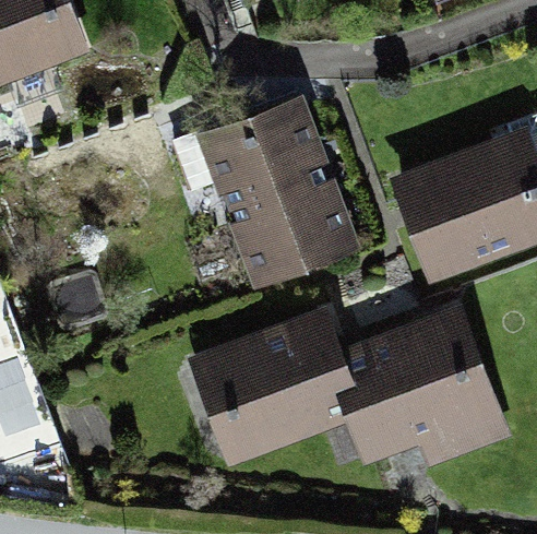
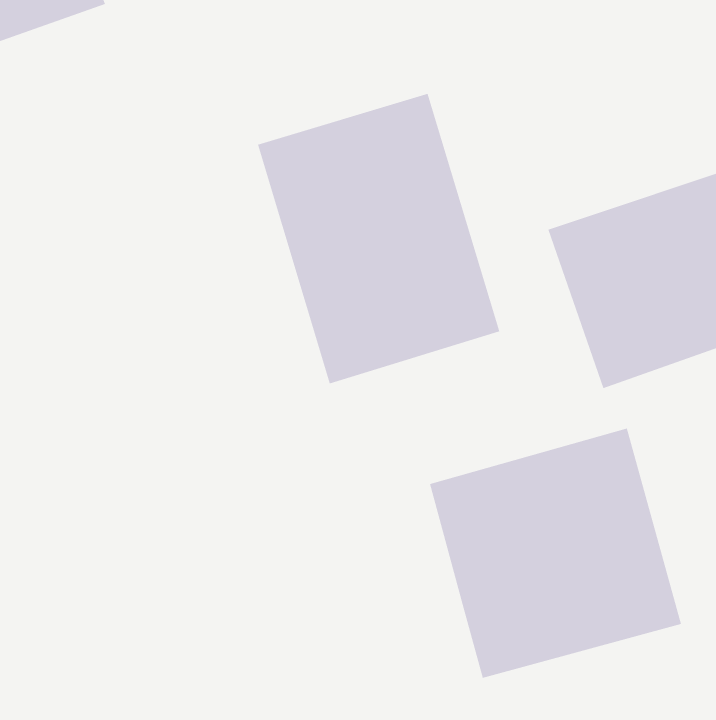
building: [186,320,349,467] -> none

